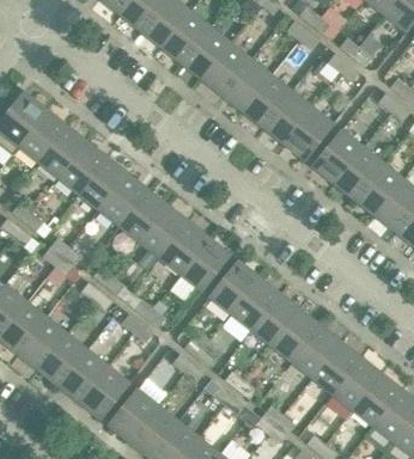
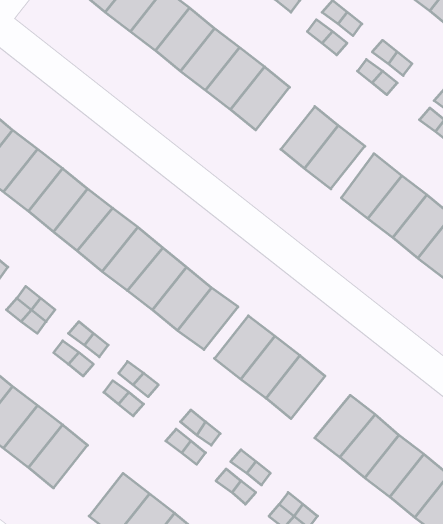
building: [244,76,292,127] -> none
building: [273,311,321,361] -> none
building: [80,367,128,418] -> none

